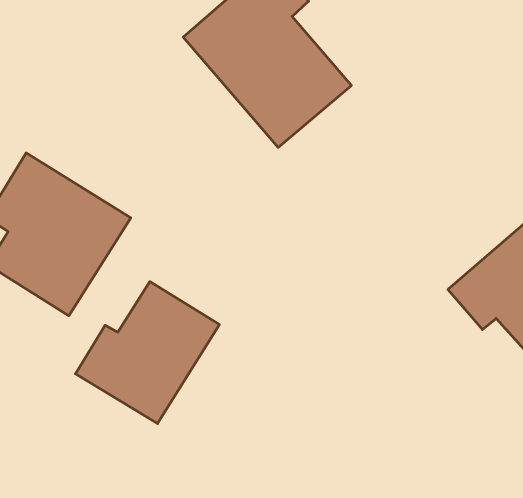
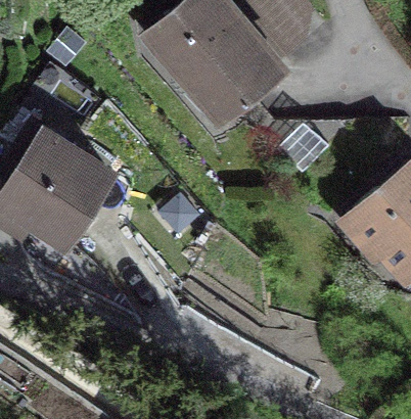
building: [75,282,219,424] -> none

